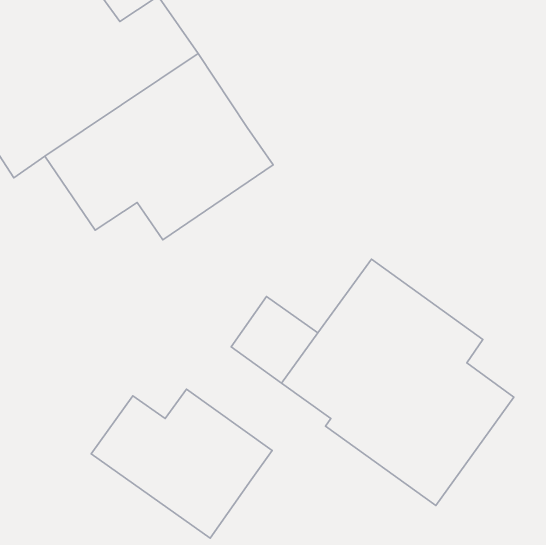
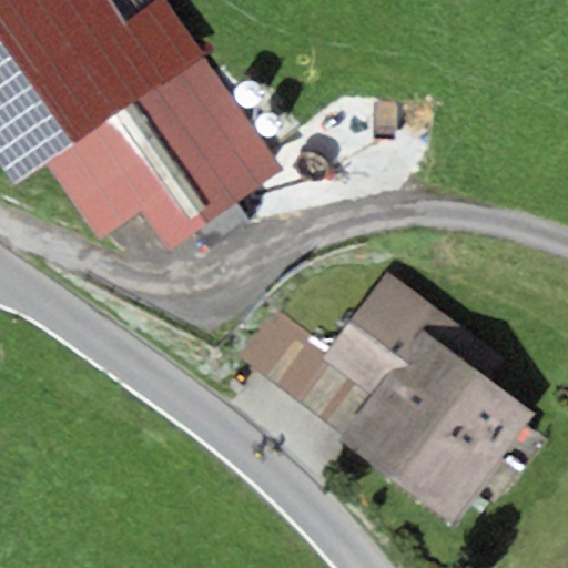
building: [91,389,272,538] -> none

